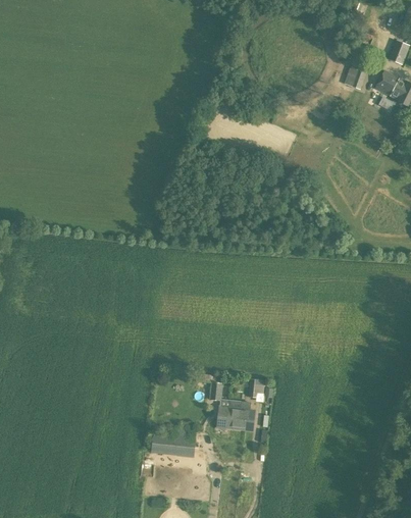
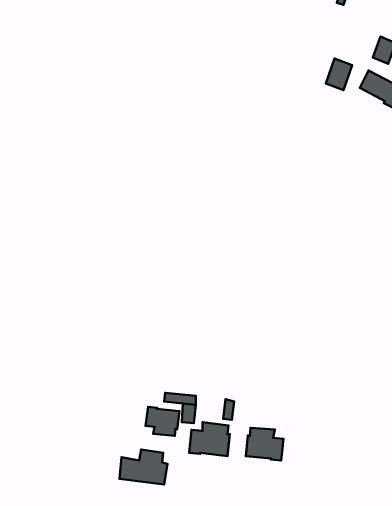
building: none -> [146,407,179,436]
building: none -> [246,428,283,460]

